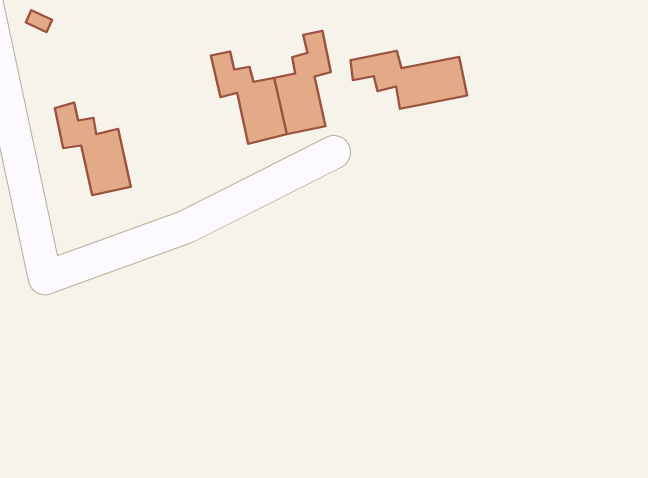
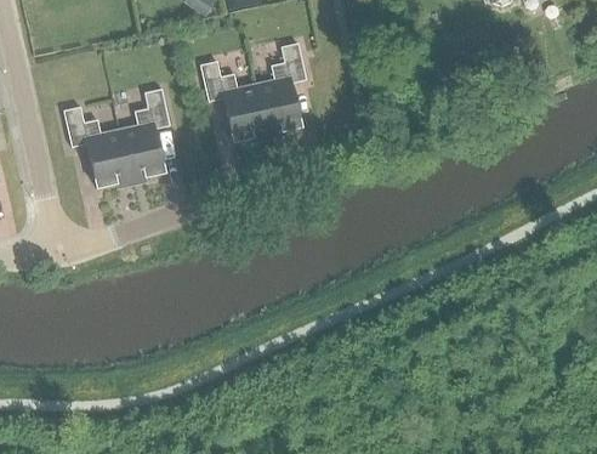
building: [351,51,467,109] -> none
building: none -> [119,89,169,180]

